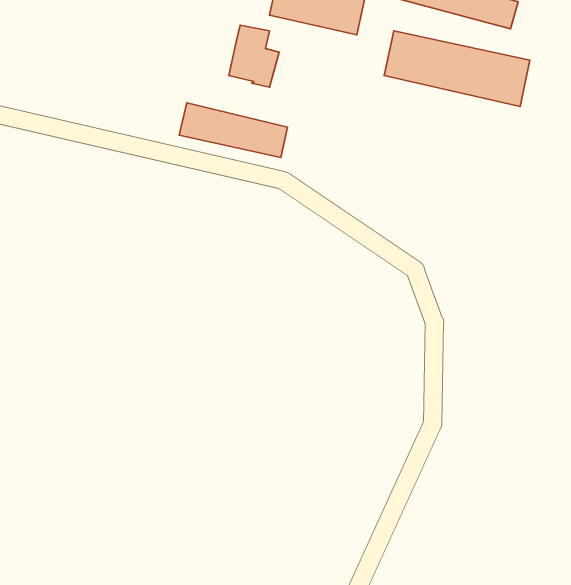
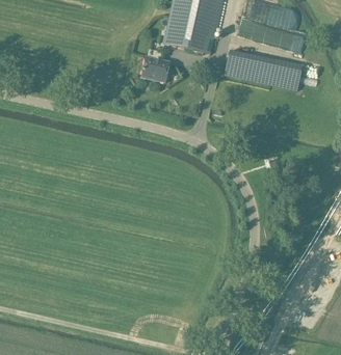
building: [179,103,287,157] -> none

